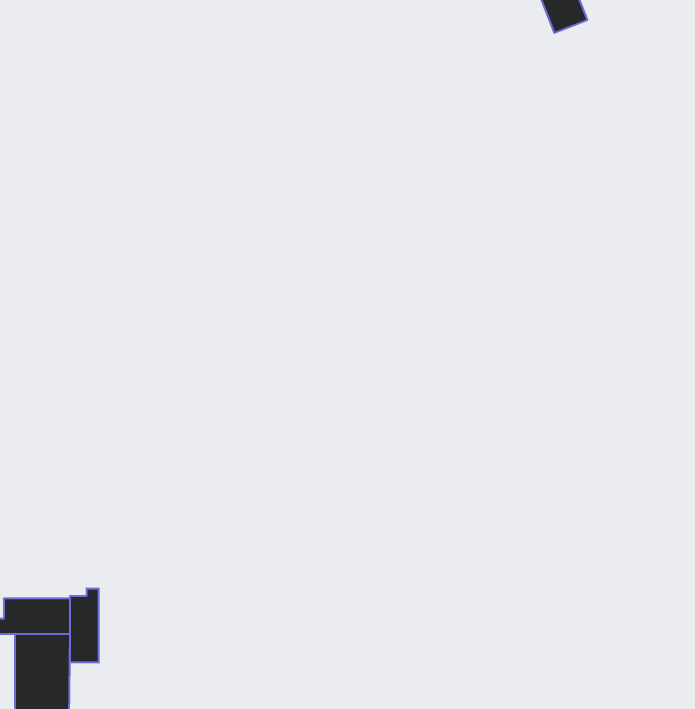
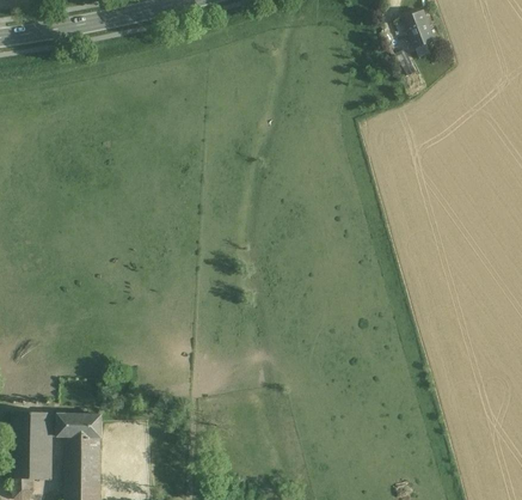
building: [70,588,99,663] -> none

